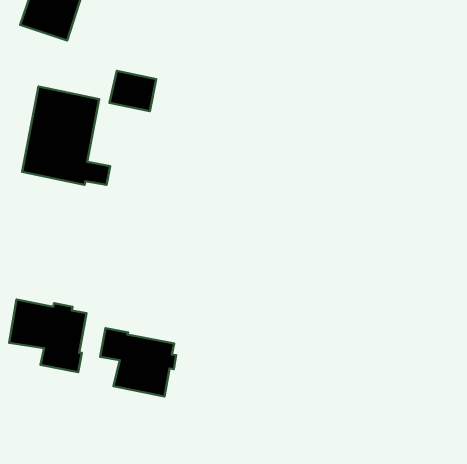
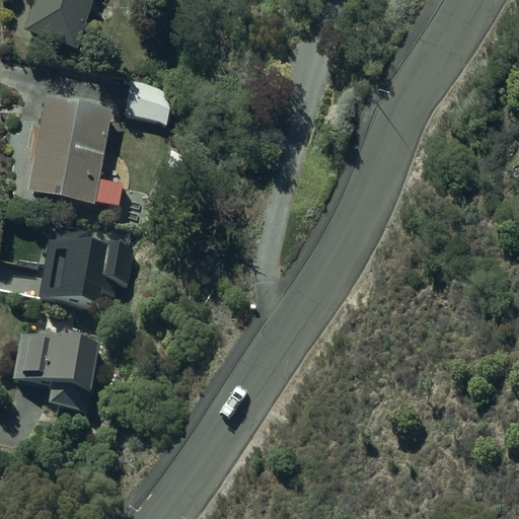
building: none -> [41,226,133,306]
building: [100,328,176,397] -> none

